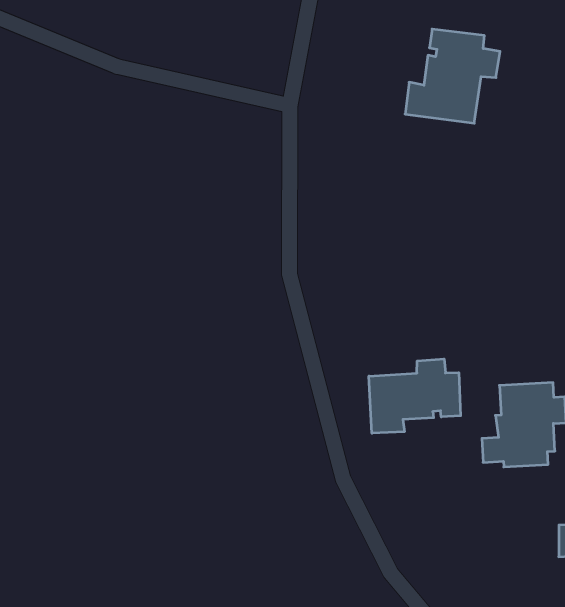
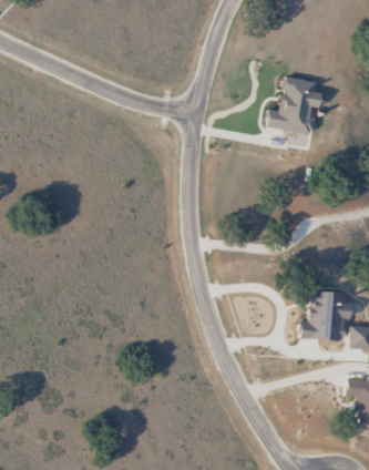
building: [369,359,461,433] -> none

